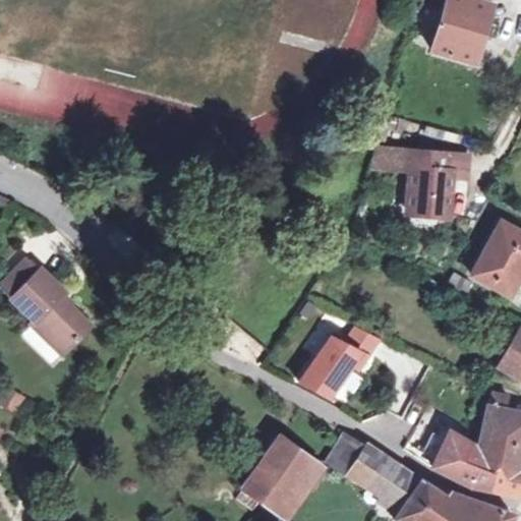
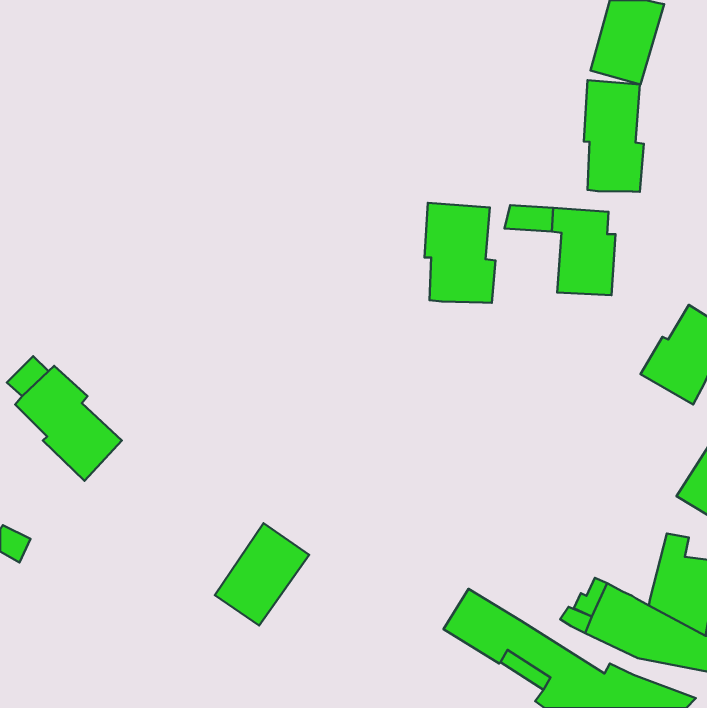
building: none -> [584,80,644,192]
building: none -> [425,203,496,303]
building: [299,326,379,397] -> none
building: [244,436,313,511] -> [215,523,309,626]

